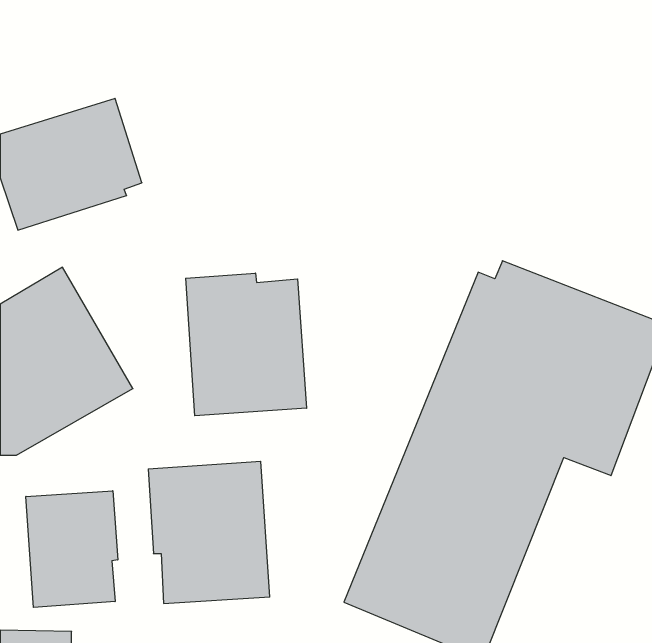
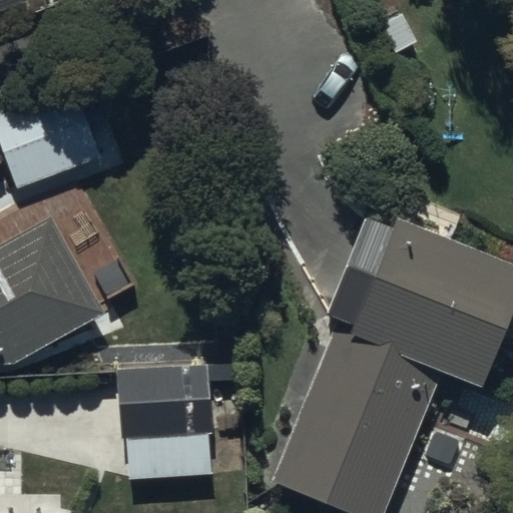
building: [186,273,307,416] -> none
building: [26,491,118,607] -> none

